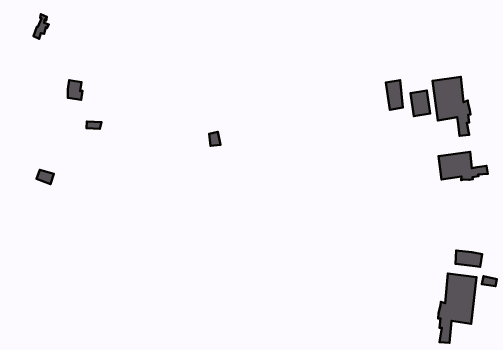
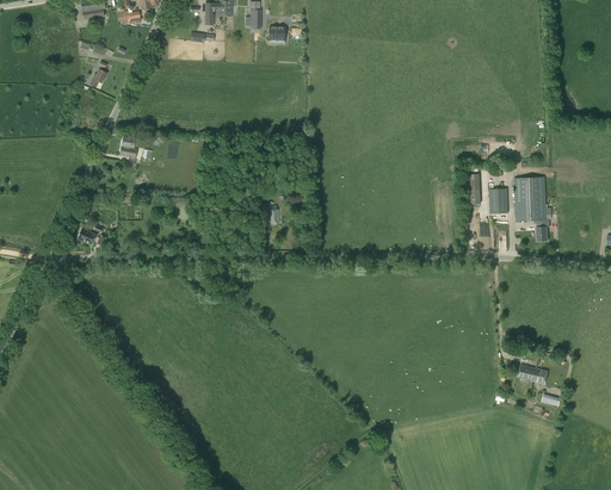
building: [438,152,488,180] -> none
building: [438,273,477,343] -> none

